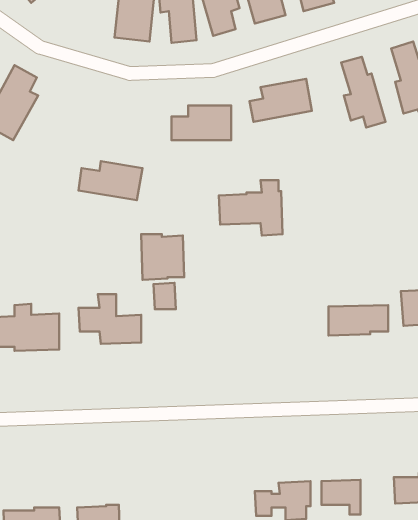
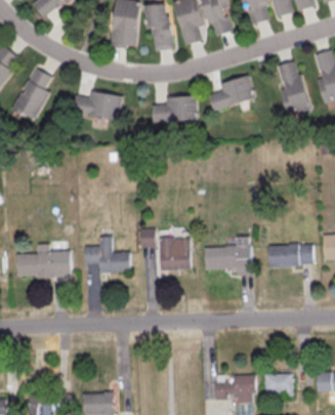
building: [79,161,143,200] -> [74,91,121,120]
building: [219,180,283,236] -> [204,236,251,277]
building: [141,234,184,280] -> [158,237,190,271]

